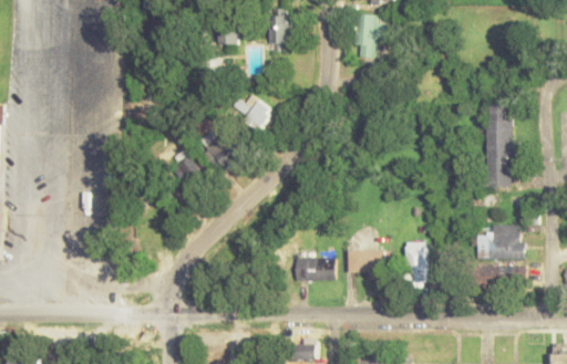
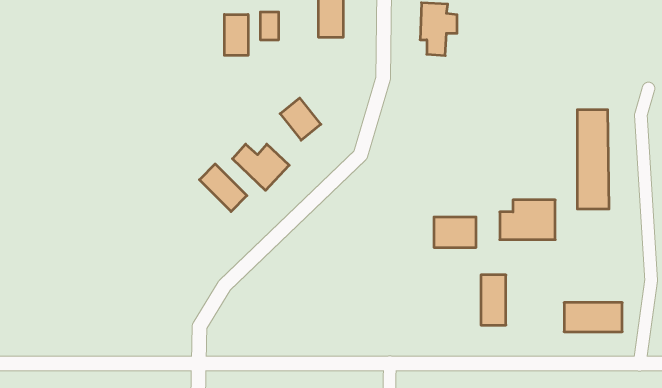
building: none -> [224,14,248,55]
building: [477,225,524,258] -> [500,200,555,240]
building: [347,249,382,274] -> [434,217,476,247]
building: [293,257,332,279] -> none

